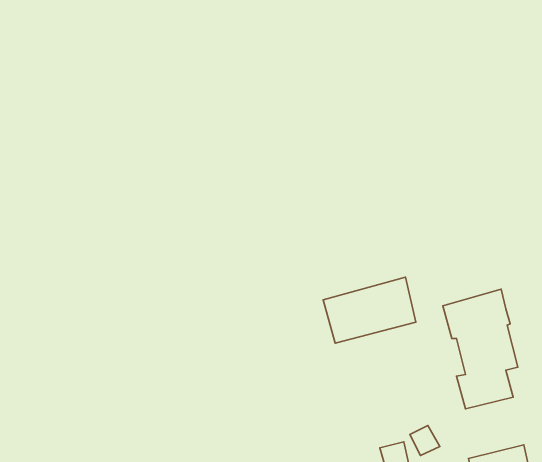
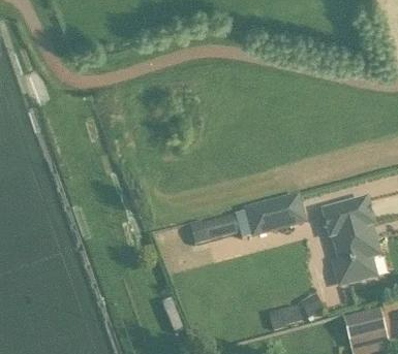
building: none -> [189,213,240,239]

